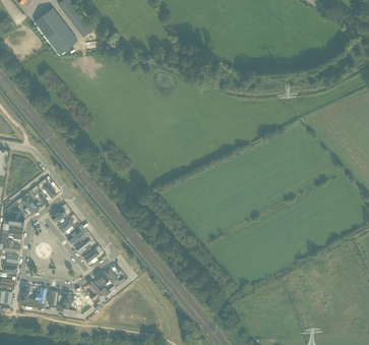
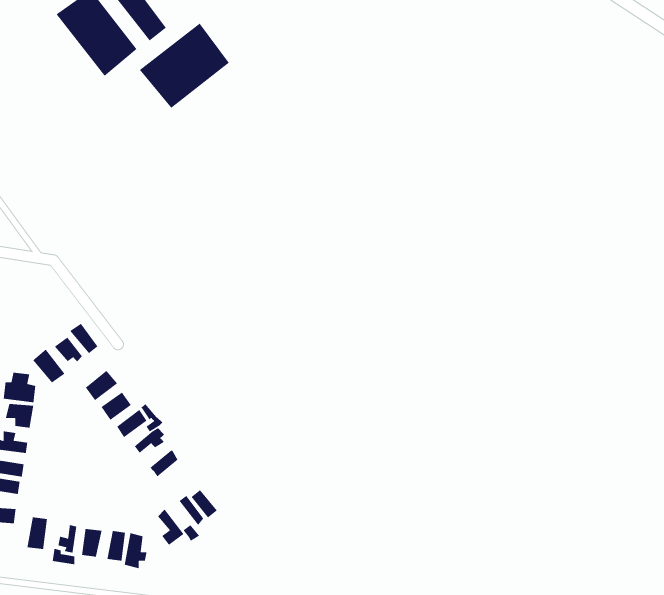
building: none -> [139,23,230,109]

